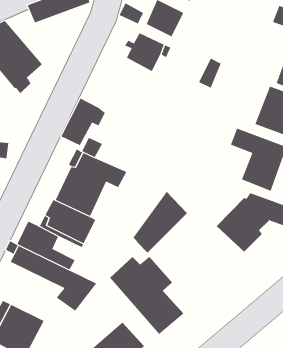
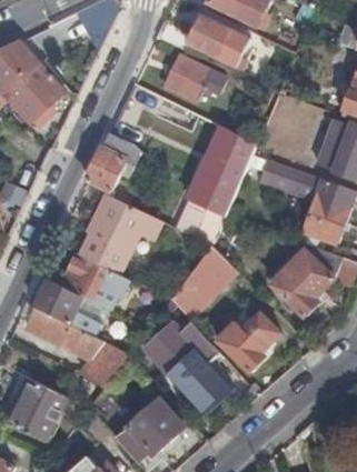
building: none -> [175,127,255,243]
building: none -> [216,312,278,371]

